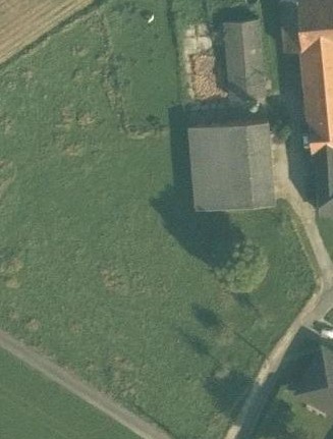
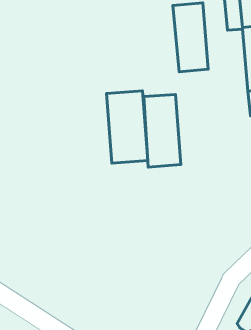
building: [226,124,274,208] -> [106,91,148,163]

